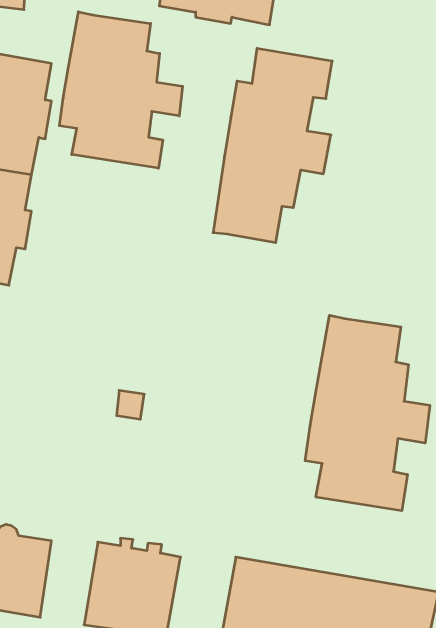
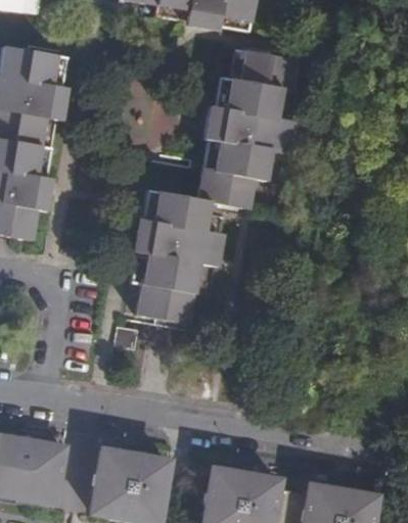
building: [59,12,183,168] -> none
building: none -> [132,189,223,320]
building: [305,315,430,511] -> none

